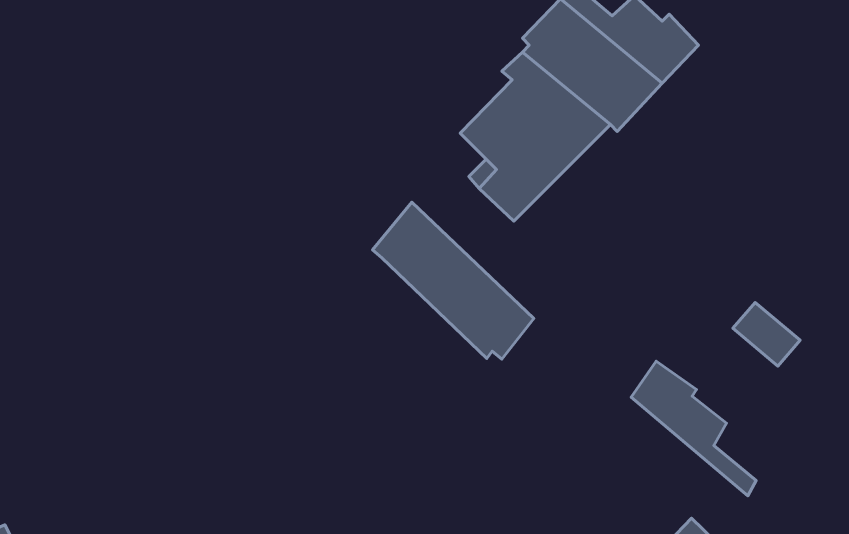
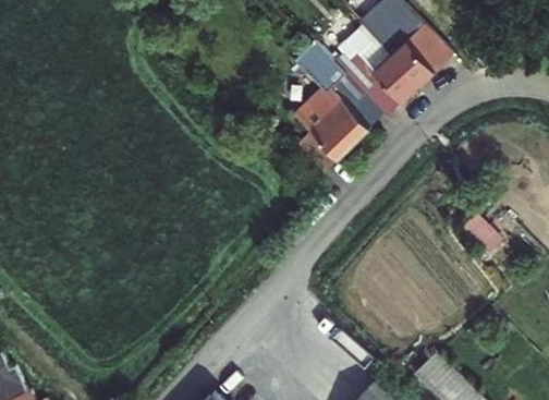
building: [372,202,534,359] -> none
building: [631,361,756,496] -> none

